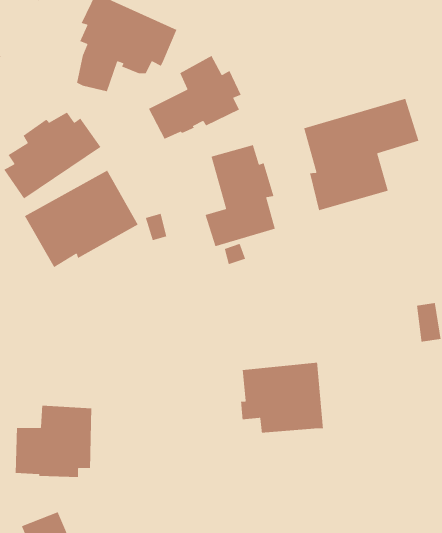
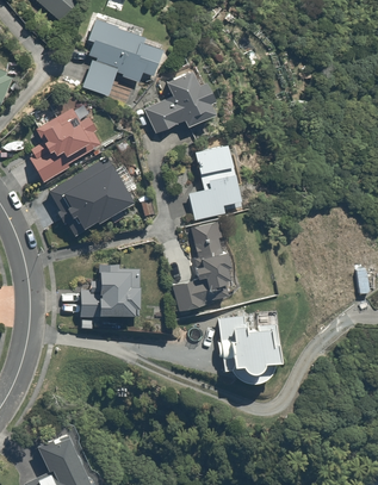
building: [303,98,420,211] -> none
building: none -> [172,234,231,312]
building: [15,405,92,478] -> [78,265,140,323]

